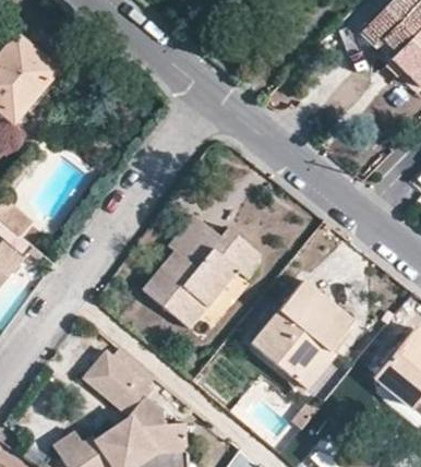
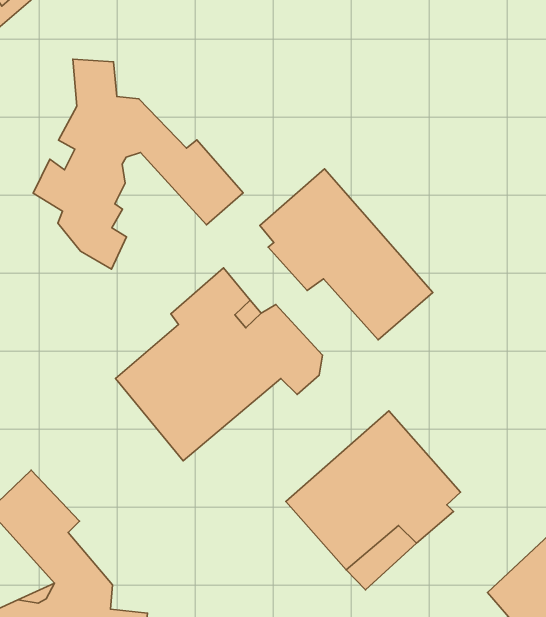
building: none -> [33,59,243,269]
building: none -> [260,169,433,340]

